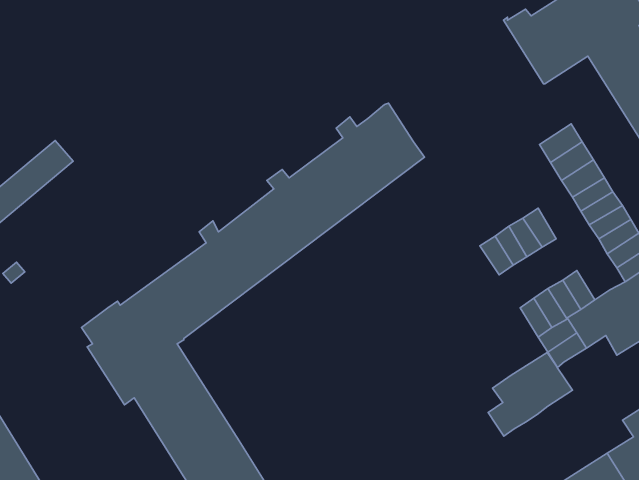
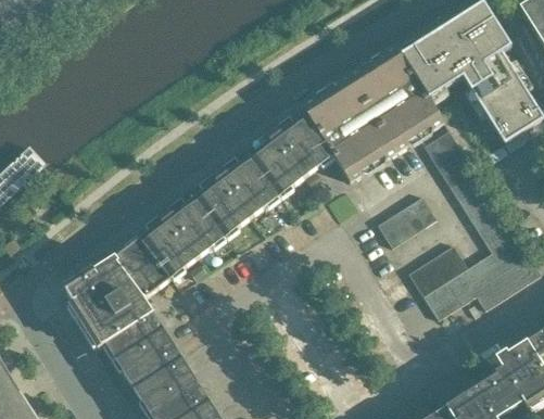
building: none -> [302,47,444,180]
building: [488,352,572,436] -> none

